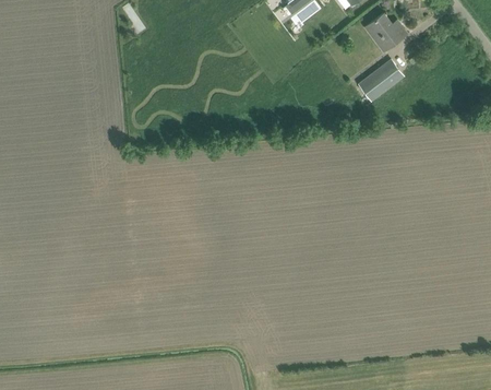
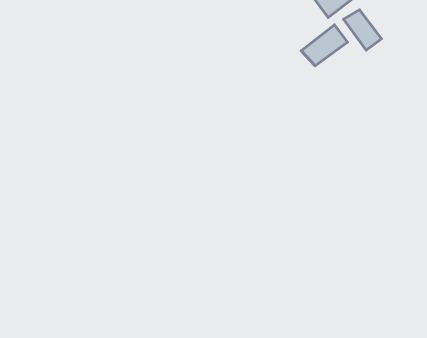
building: none -> [343,10,382,50]

